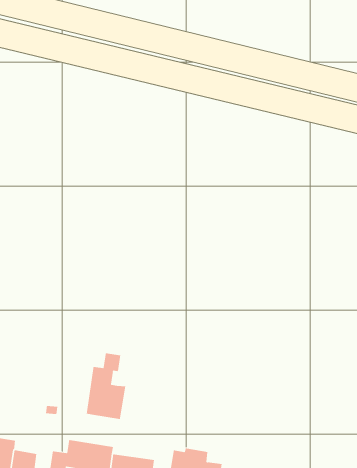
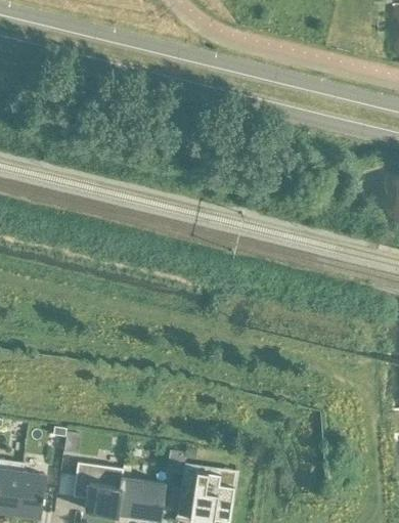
building: [86,353,126,420] -> none

